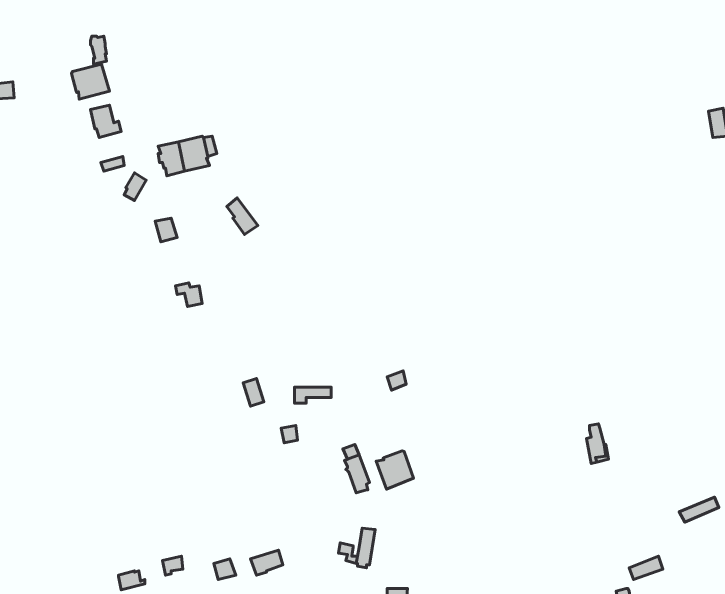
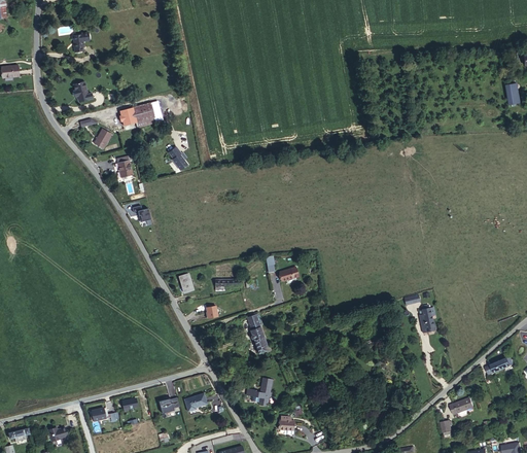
building: [72,64,110,99] -> none
building: [376,451,413,489] -> none

